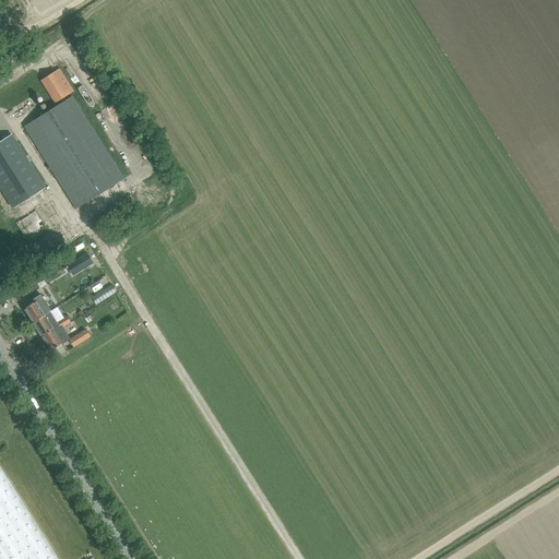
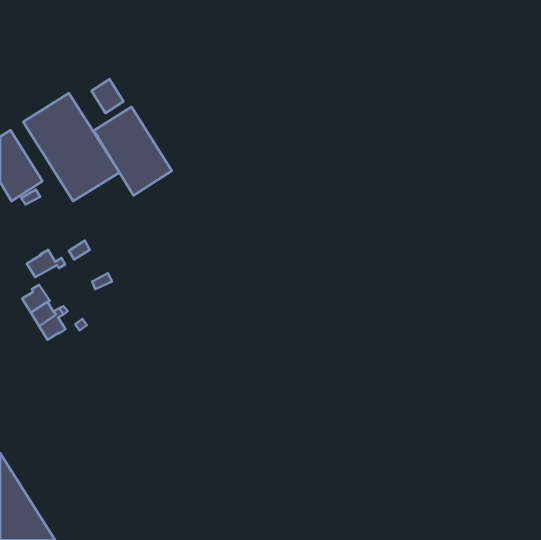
building: [40,68,73,103] -> [92,79,123,113]
building: none -> [94,107,172,195]
building: none -> [27,250,65,277]

